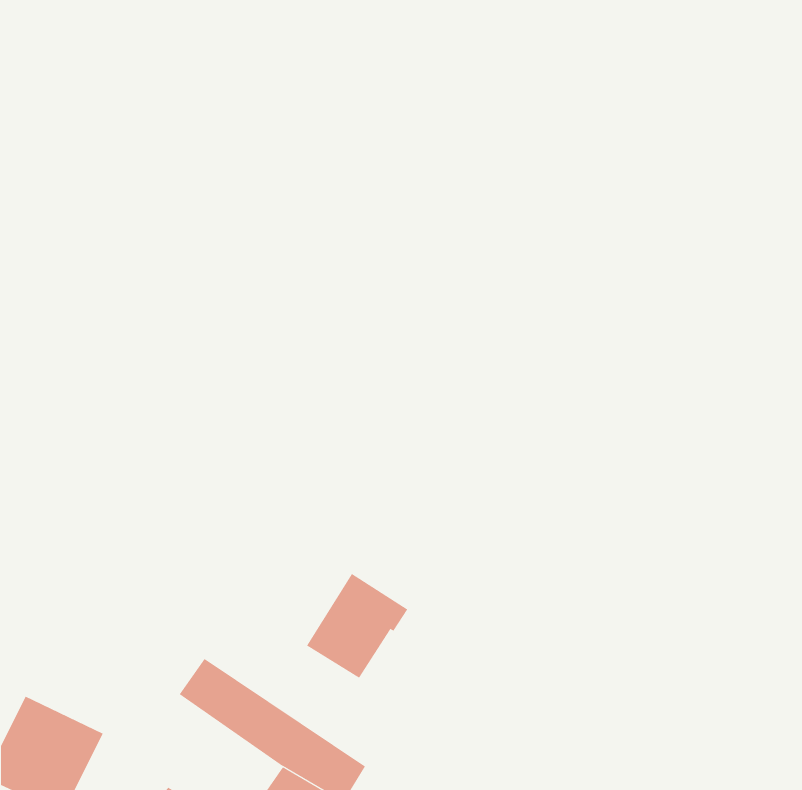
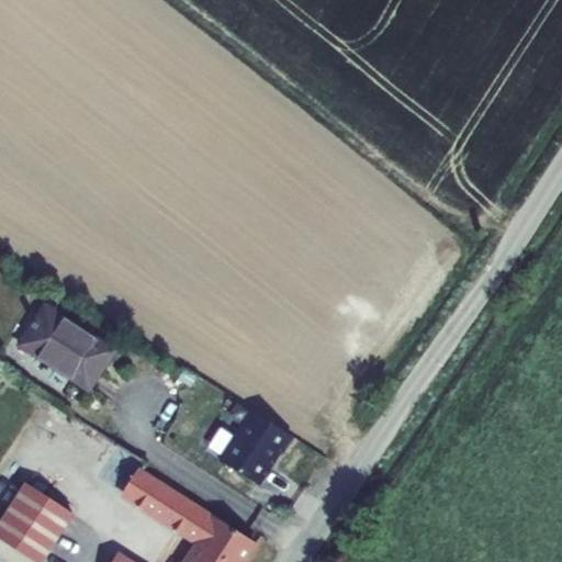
building: none -> [16,304,109,387]

